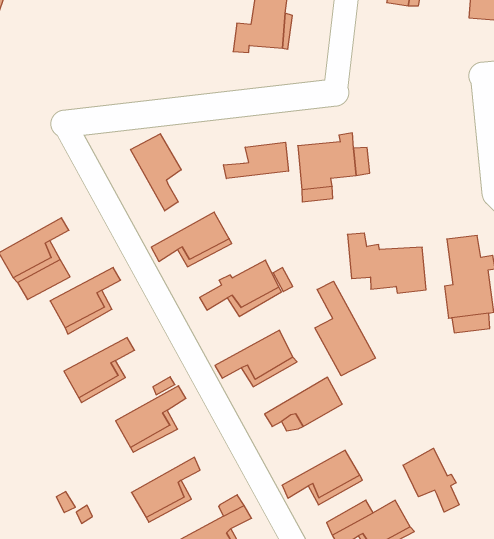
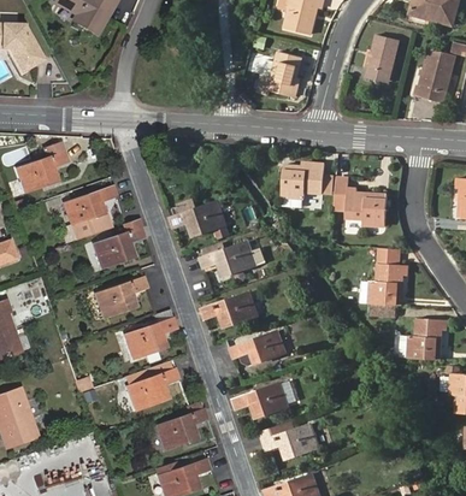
building: [131,134,181,211] -> none
building: [224,142,288,179] -> none
building: [347,233,426,293] -> [334,177,387,225]
building: [315,281,375,376] -> none
building: [403,448,459,512] -> none

